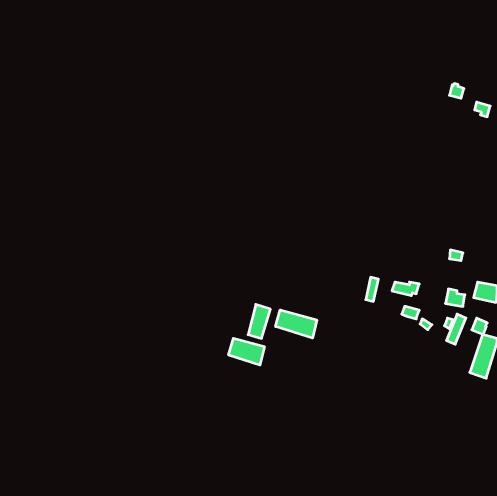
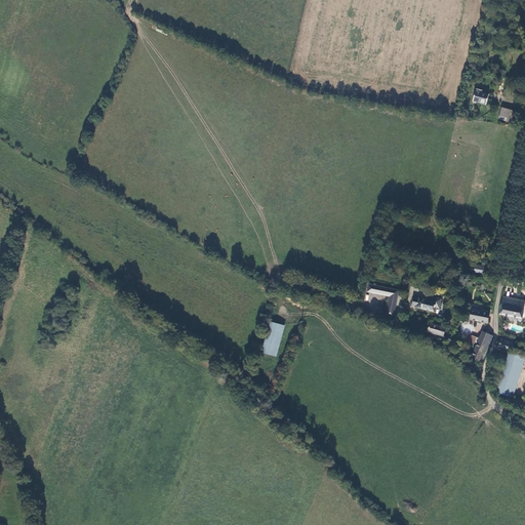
building: [276,310,317,338] -> none
building: [229,338,264,365] -> none

